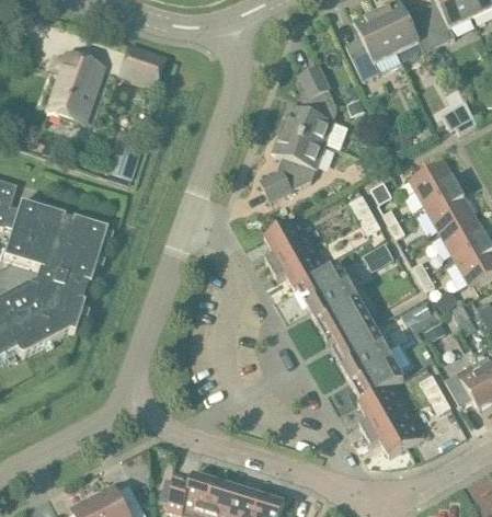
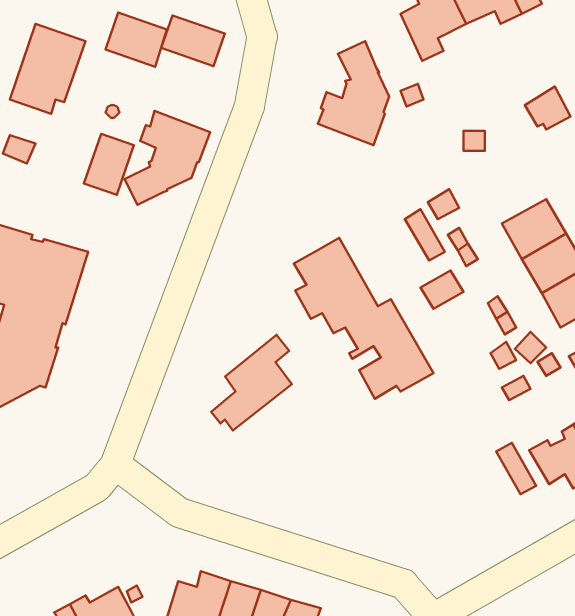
building: none -> [161,15,225,66]
building: [260,128,325,200] -> [125,111,210,205]
building: [409,159,458,205] -> none
building: none -> [211,335,292,431]
building: [332,320,424,456] -> none

